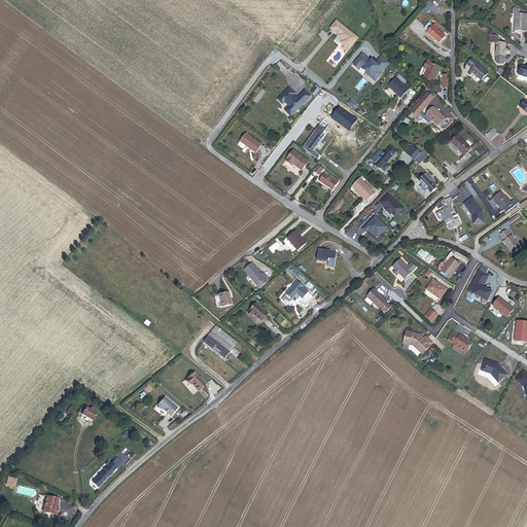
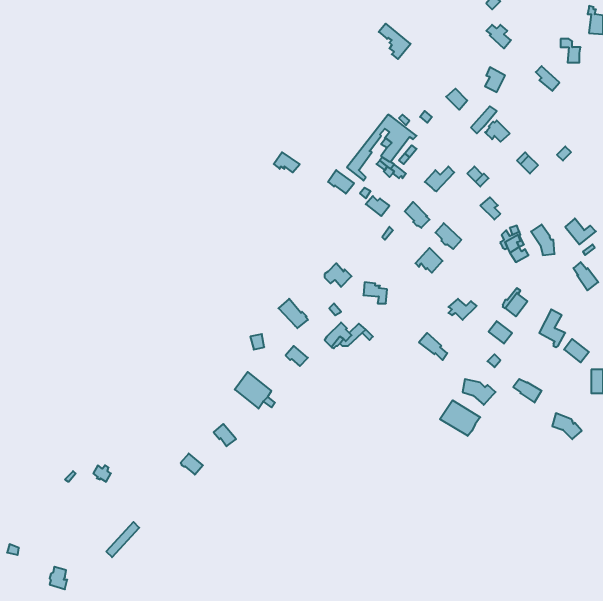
building: [353,54,389,80] -> none
building: [278,86,311,114] -> none
building: none -> [440,400,480,436]

